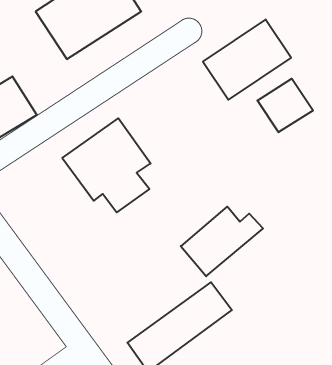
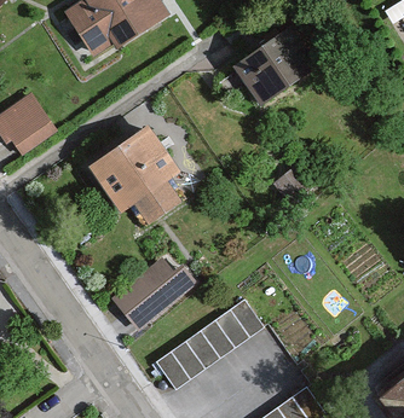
building: [257,79,313,132] -> none
building: [181,207,263,276] -> [111,255,197,327]

